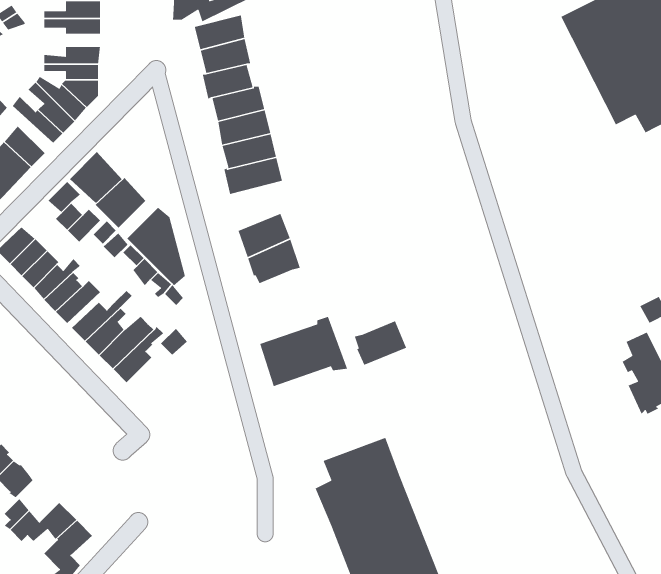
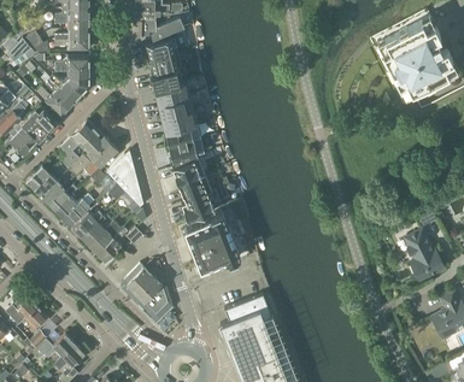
building: none -> [169,139,204,166]
building: [354,320,407,366] -> [182,193,215,221]
building: none -> [123,263,172,325]

